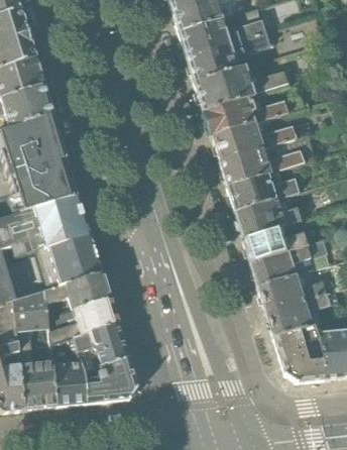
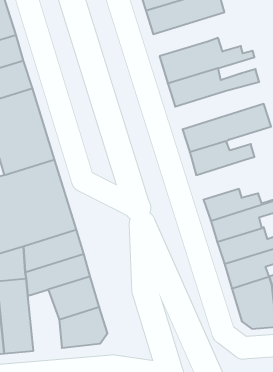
building: [188,32,271,81] -> none
building: [212,119,314,161] -> none
building: [235,195,303,239] -> none
building: [49,338,87,406] -> none

